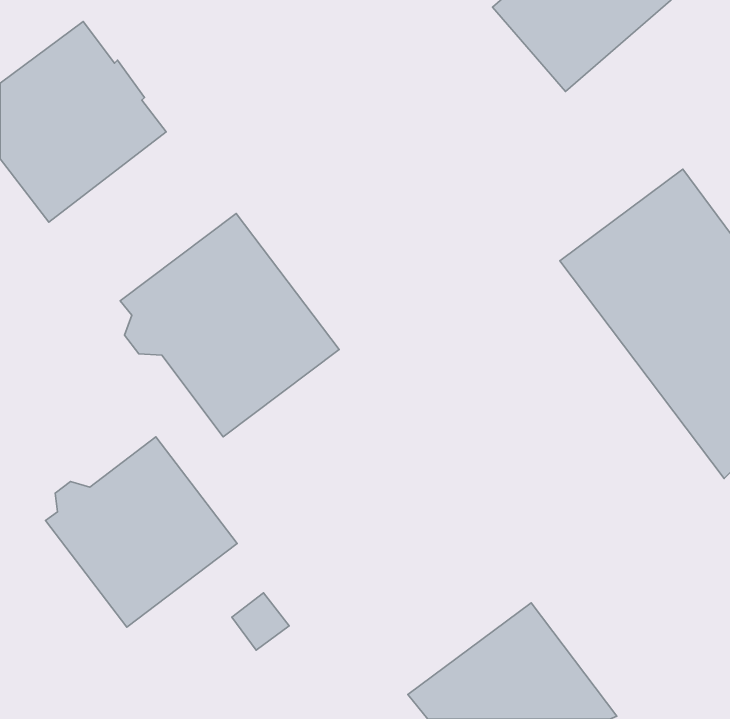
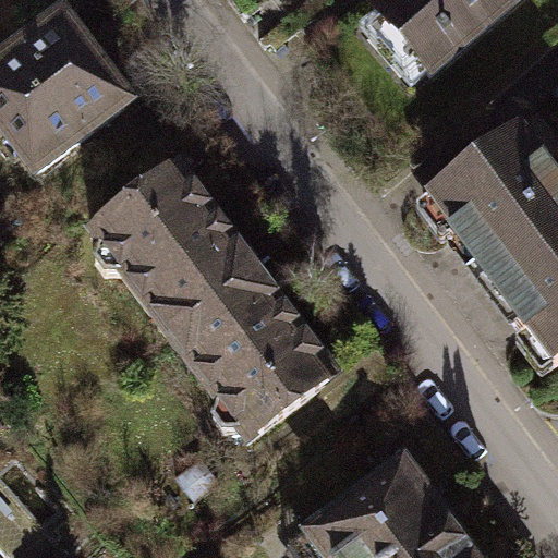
building: none -> [171,266,338,437]
building: [46,437,237,627] -> none

